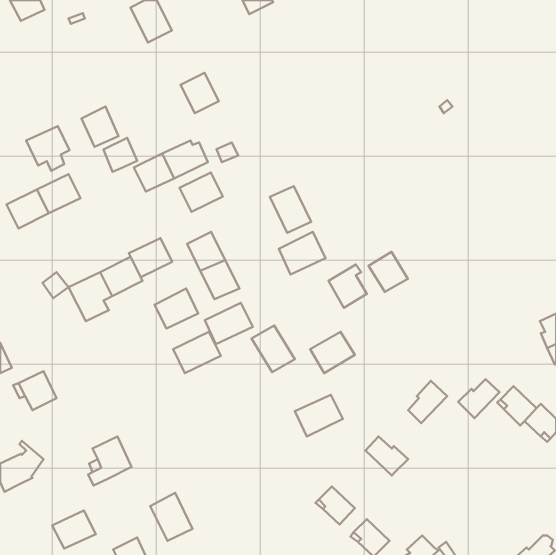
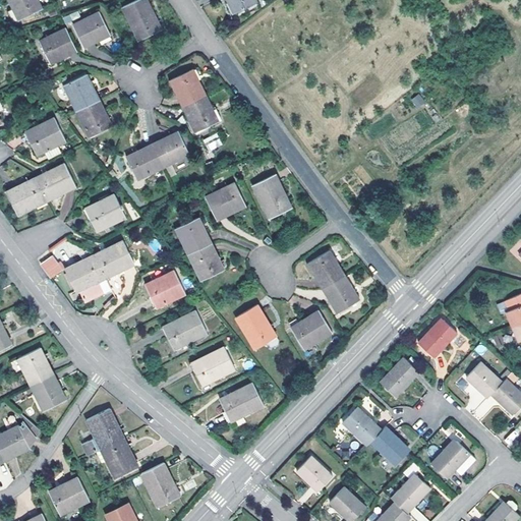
building: none -> [72,12,110,48]
building: none -> [39,28,76,65]
building: none -> [63,75,99,112]
building: none -> [182,96,218,133]
building: [103,138,137,172] -> none
building: [179,173,223,212] -> [205,183,245,220]
building: [279,232,325,275] -> none
building: [129,238,172,277] -> [84,194,125,231]
building: [369,252,408,292] -> [322,276,358,313]
building: [205,303,253,344] -> [190,347,235,386]
building: [458,379,500,418] -> [417,321,456,357]
building: [295,395,343,436] -> [219,384,264,422]
building: none -> [31,373,66,410]
building: none -> [369,426,407,465]
building: none -> [101,438,137,477]
building: none -> [429,442,475,478]
building: none -> [391,476,429,513]

